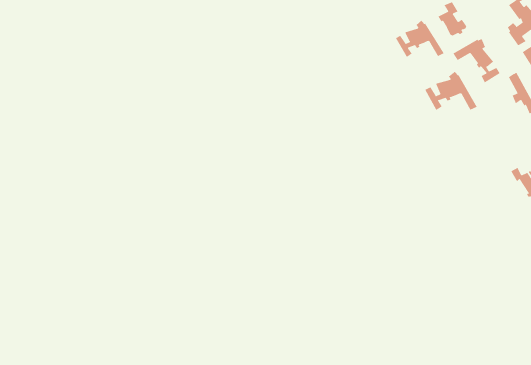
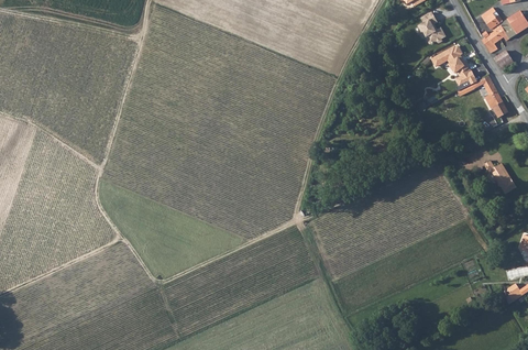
building: [395,20,445,58] -> none
building: [425,71,478,111] -> none

